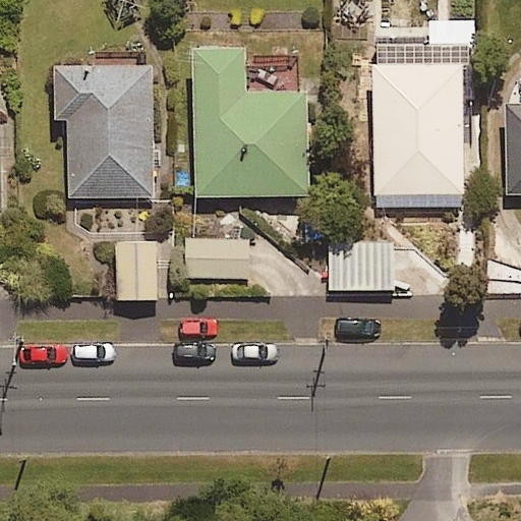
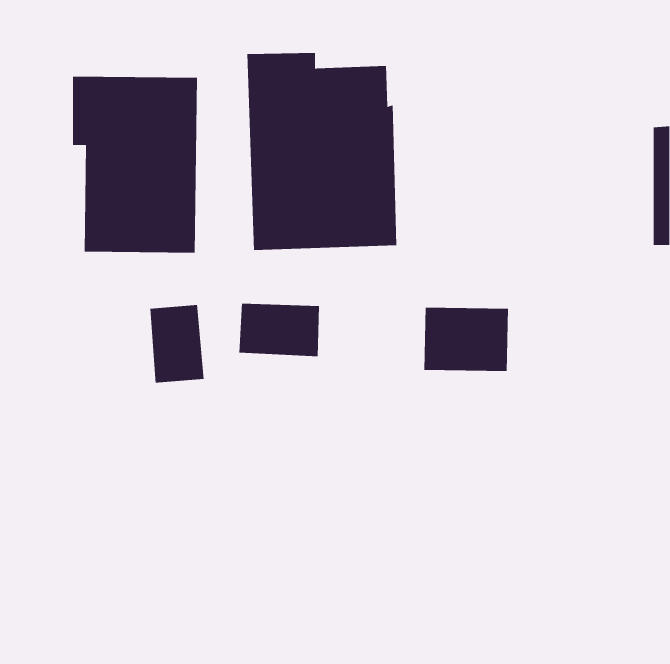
building: [373,42,464,197] -> none

